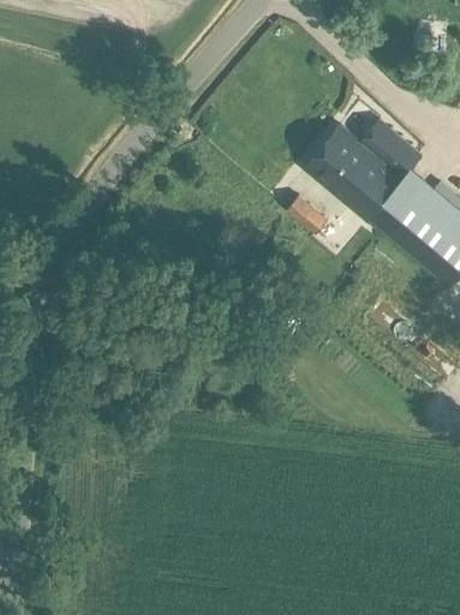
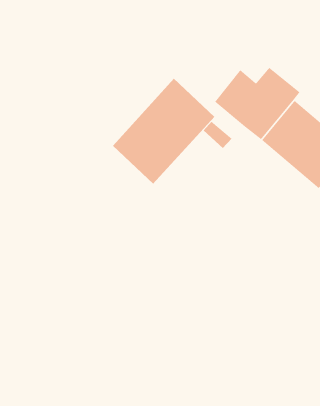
building: none -> [112,78,215,185]

